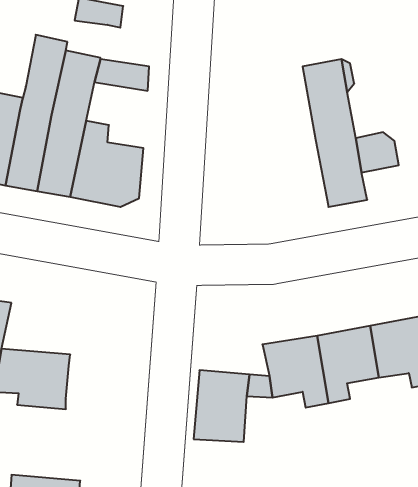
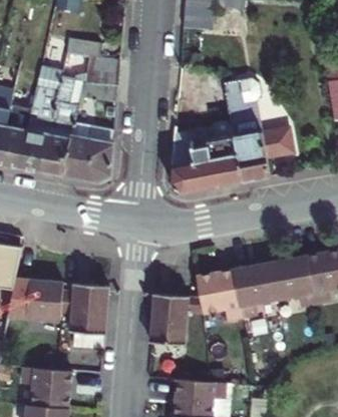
building: none -> [84,53,120,82]
building: none -> [171,127,244,192]
building: none -> [60,285,108,350]

